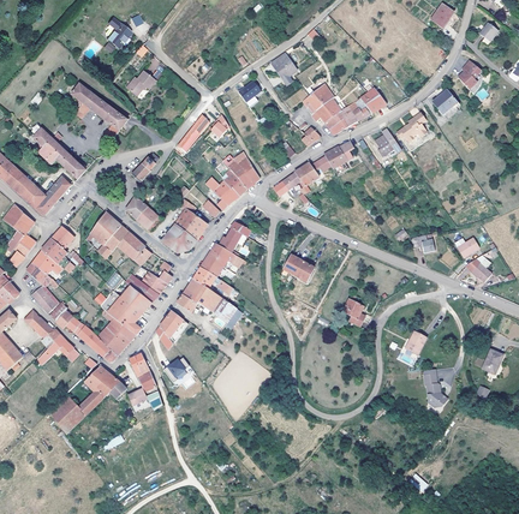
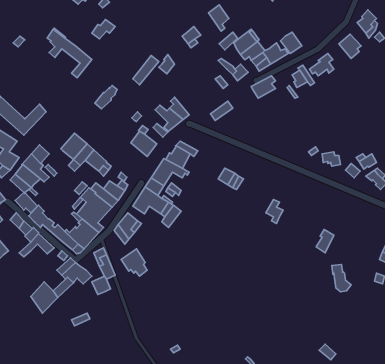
building: [31,127,85,178] -> none
building: [222,150,258,189] -> none
building: [293,156,332,185] -> none
building: [125,195,160,228] -> none
building: [161,223,195,252] -> none

